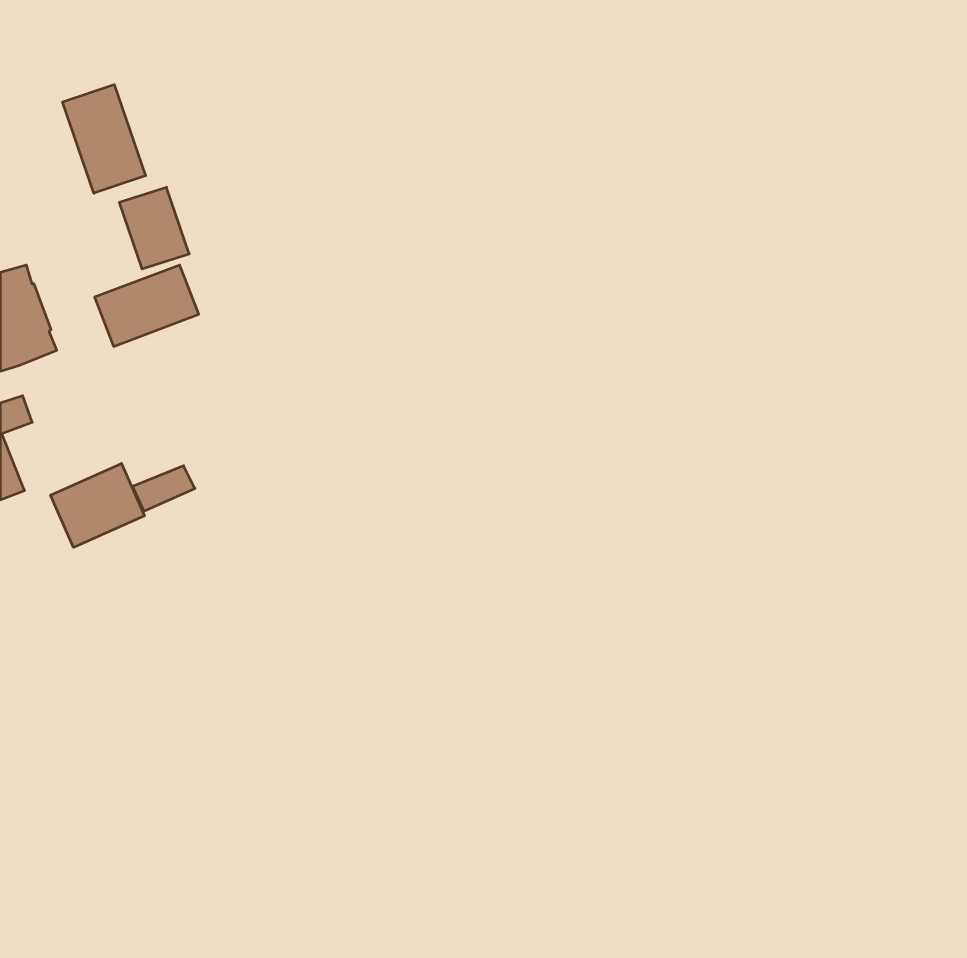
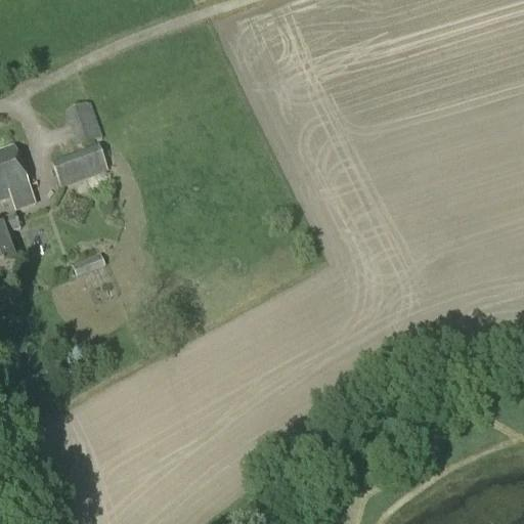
building: [63,85,146,193] -> none
building: [51,463,144,547] -> none

